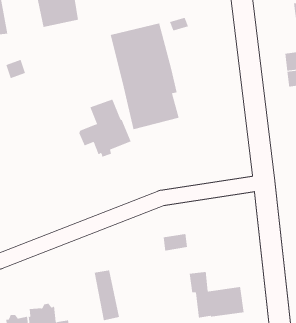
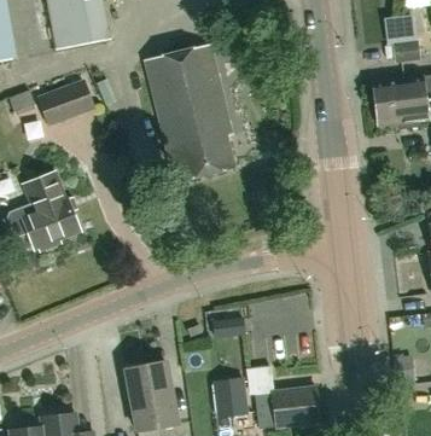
building: none -> [40,81,94,123]
building: [78,99,131,157] -> [10,173,78,249]
building: none -> [145,360,176,425]
building: none -> [214,377,249,417]

